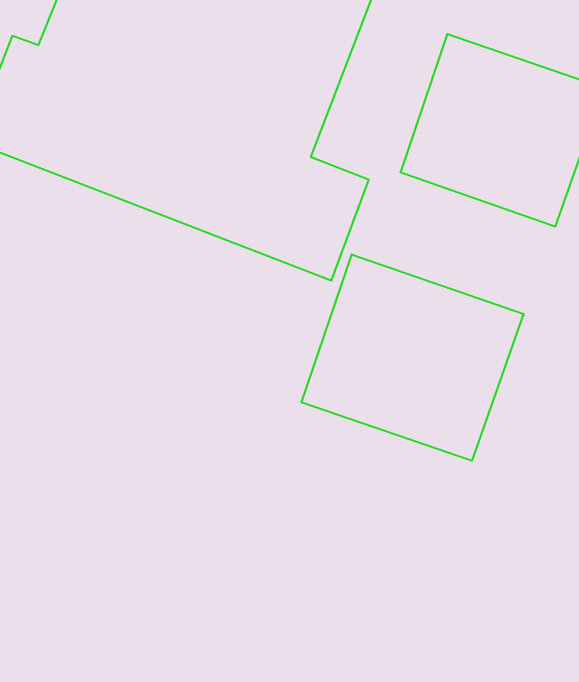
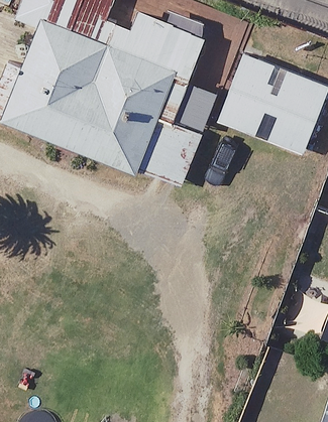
building: [302,254,524,461] -> none

